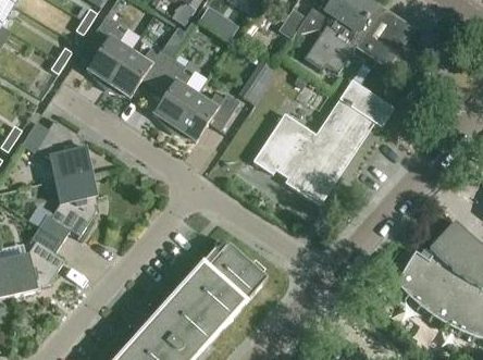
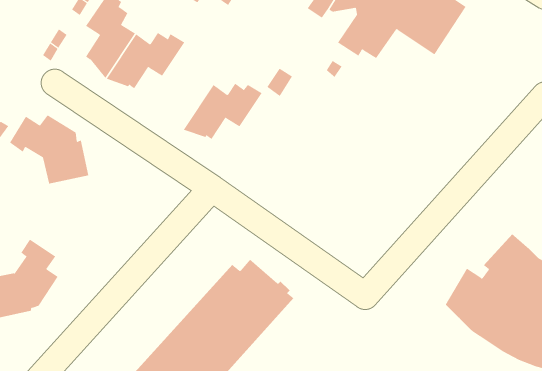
building: [154,58,198,133] -> none
building: [255,78,395,204] -> none
building: [40,172,98,241] -> none

